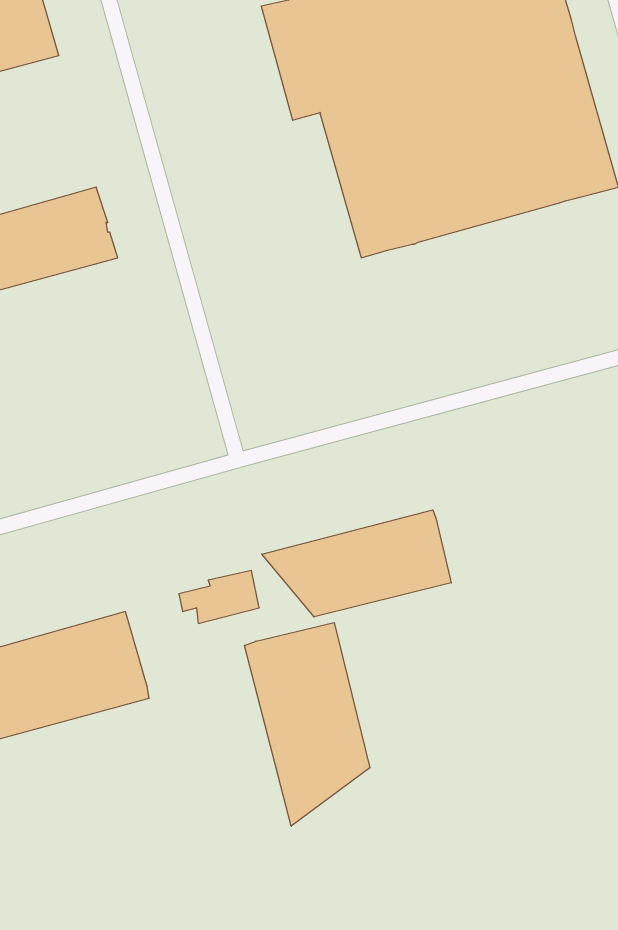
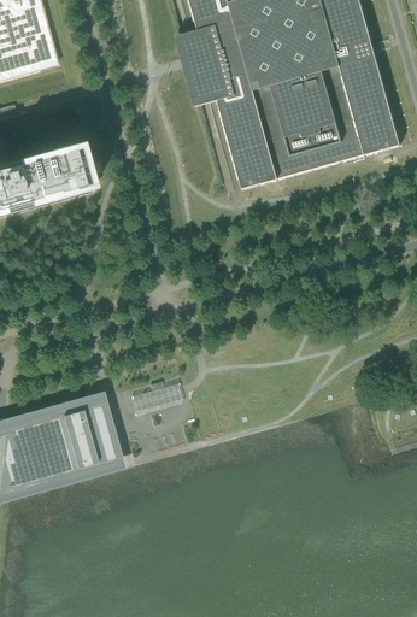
building: [262,510,451,617] -> none
building: [245,623,370,826] -> none

